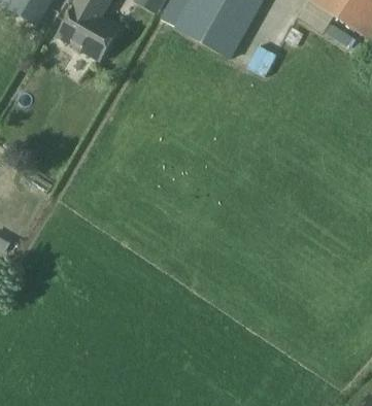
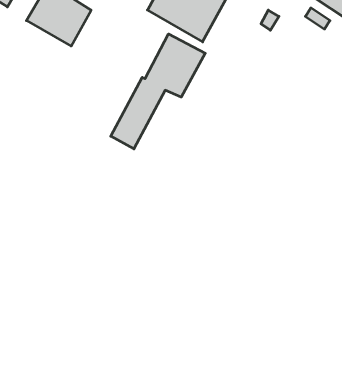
building: none -> [111,34,205,149]

